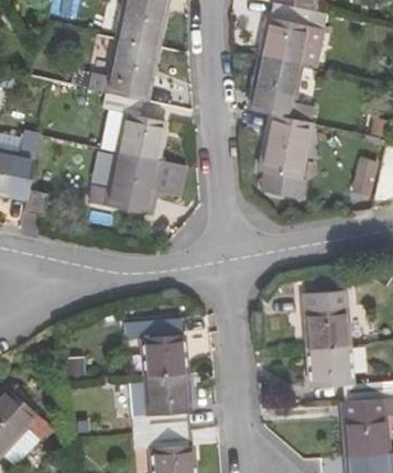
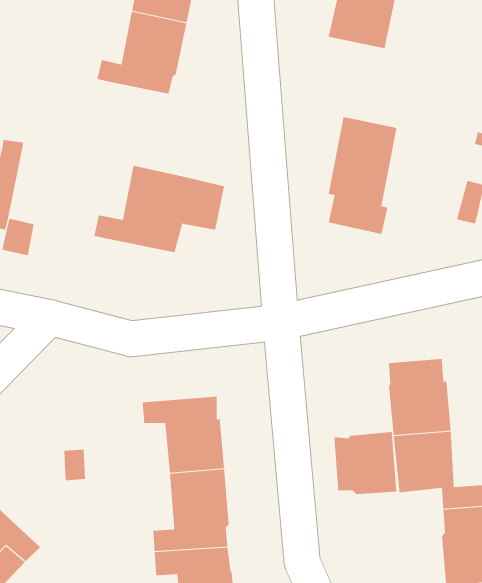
building: [253,56,314,122] -> none
building: [100,90,165,158] -> none
building: none -> [334,431,397,495]

